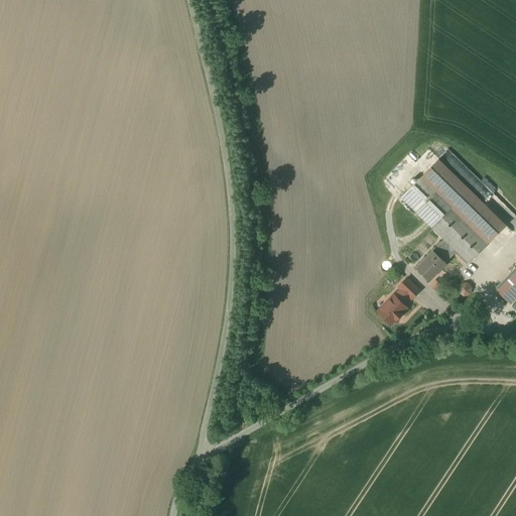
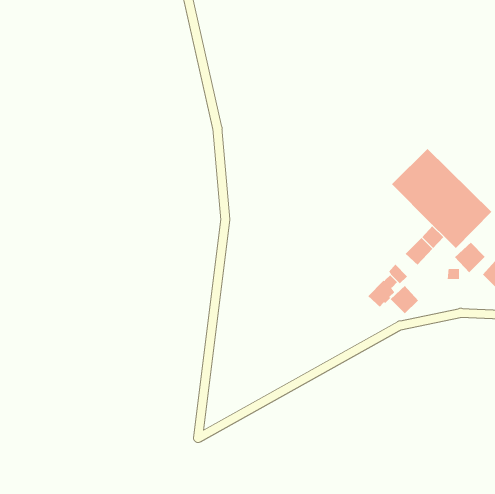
building: none -> [454,242,486,273]
building: none -> [390,285,419,314]

